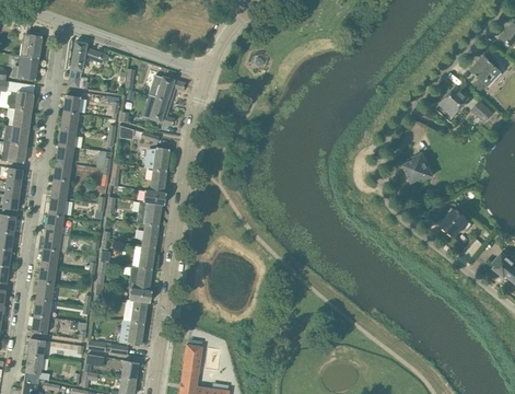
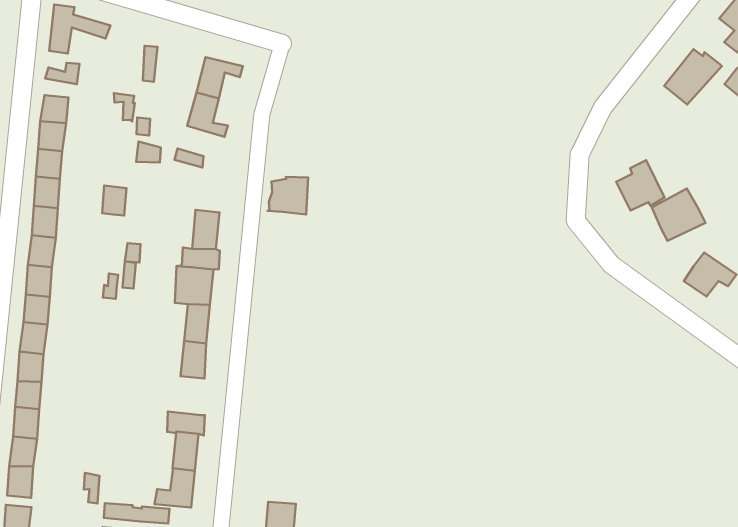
building: [143,148,168,171] -> [268,177,308,214]
building: none -> [652,189,705,241]
building: [128,267,152,291] -> none

